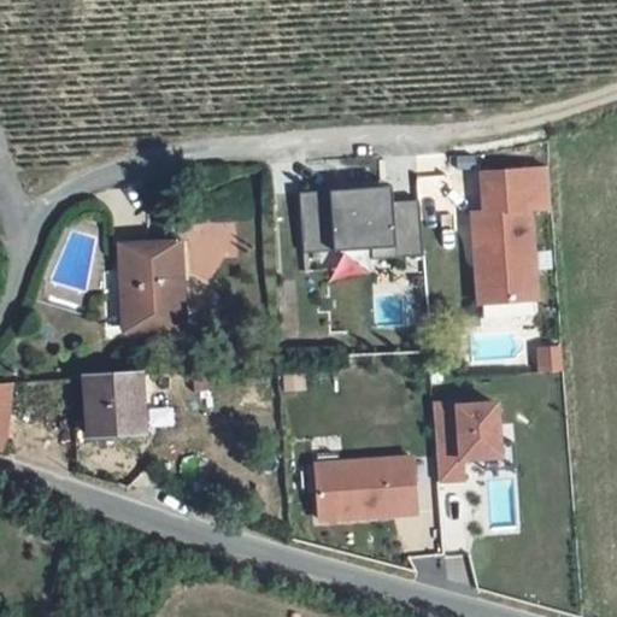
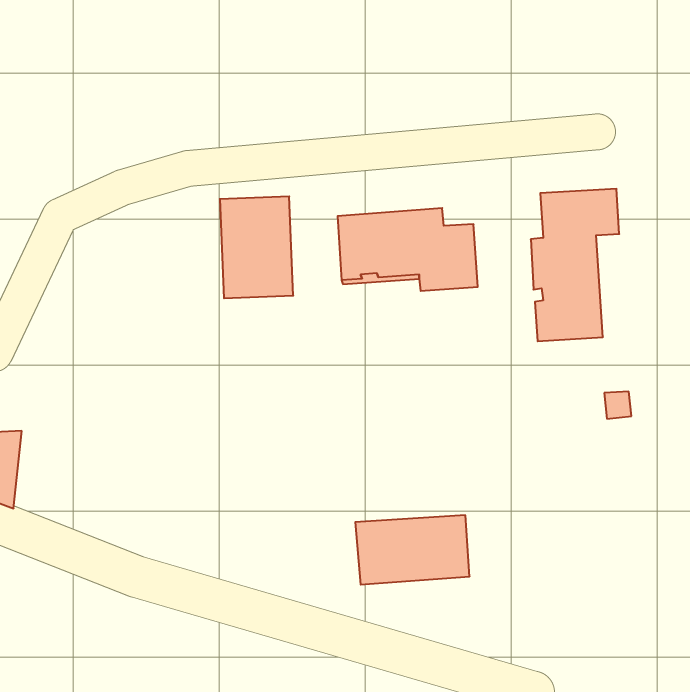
building: [121,239,186,329] -> [220,196,293,298]
building: [80,374,135,437] -> none
building: [433,401,500,478] -> none

